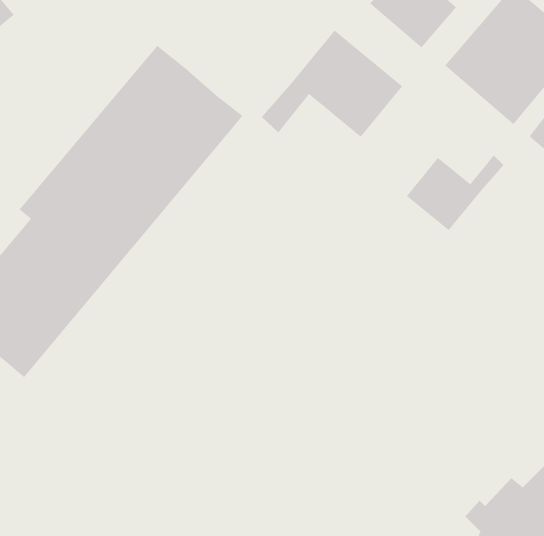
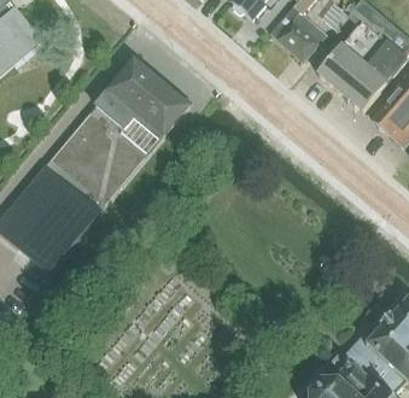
building: [261,29,403,138] -> none
building: [406,155,504,231] -> none

